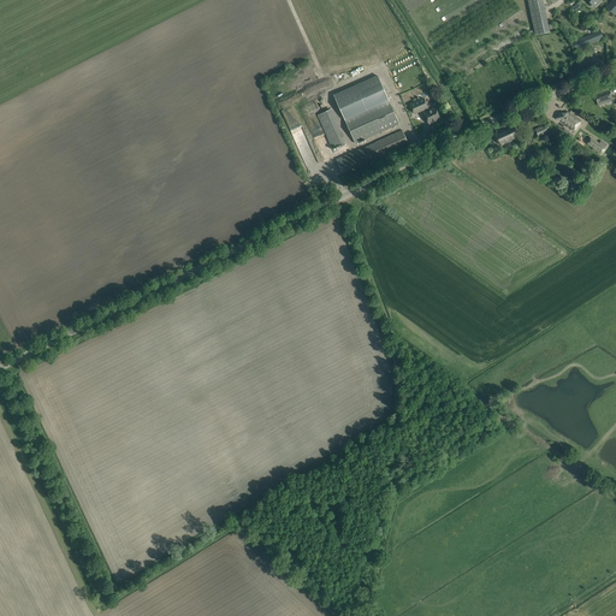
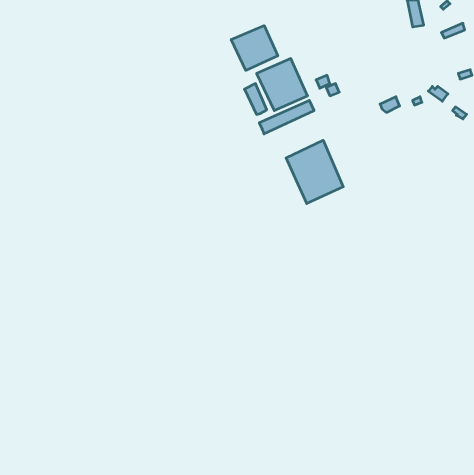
building: none -> [231,26,278,70]
building: none -> [286,140,343,204]

